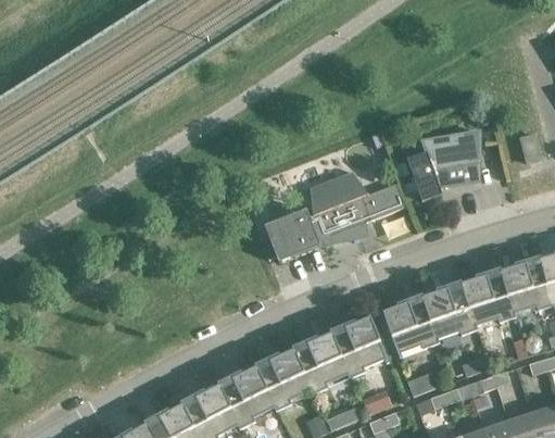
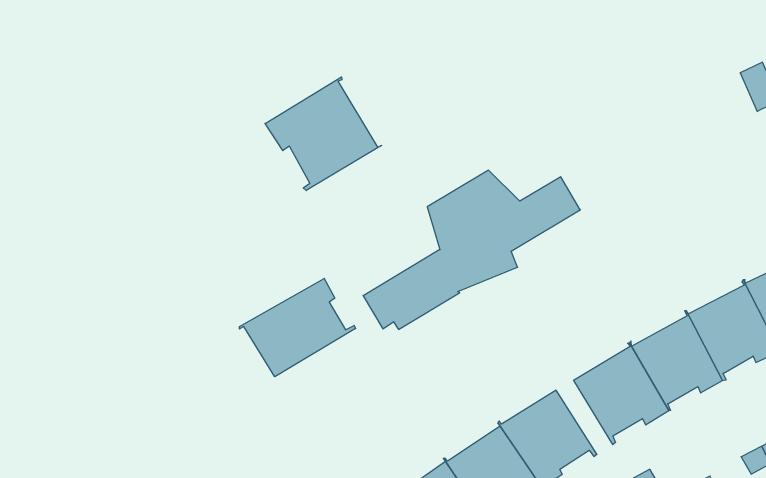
building: none -> [265,77,382,191]
building: [407,128,480,199] -> none
building: none -> [239,278,356,377]

